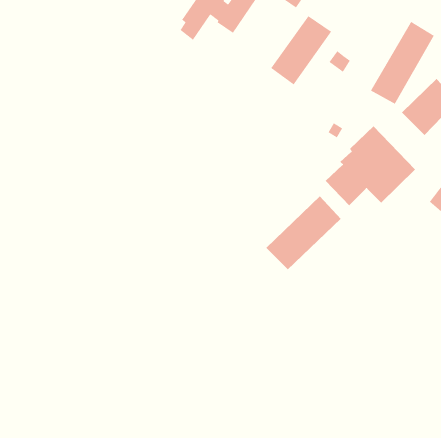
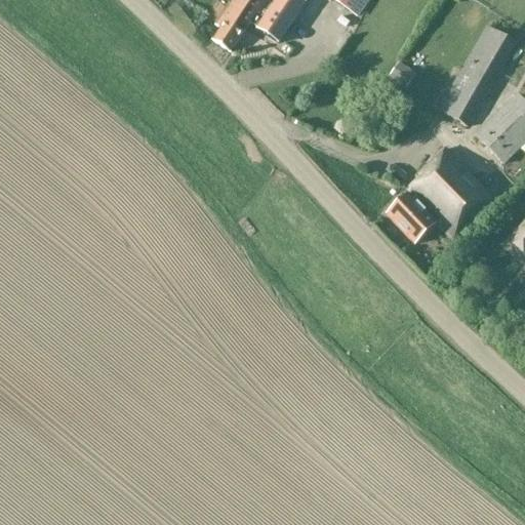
building: [270,15,332,85] -> none
building: [266,195,342,270] -> none

